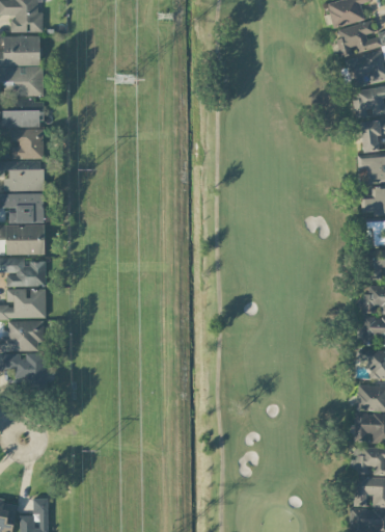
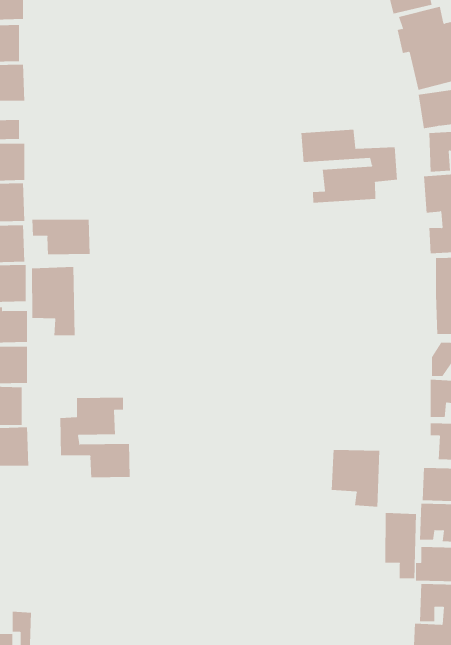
building: none -> [301,129,397,204]
building: none -> [32,219,90,255]
building: none -> [31,266,75,336]
building: none -> [60,397,130,478]
building: none -> [331,449,380,507]
building: none -> [385,512,417,579]

